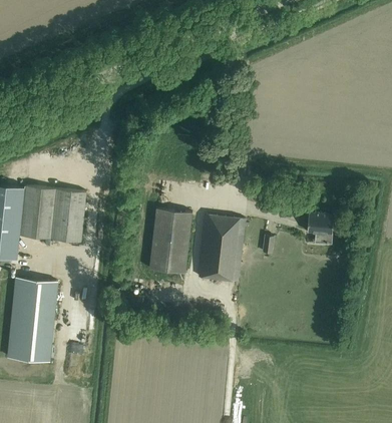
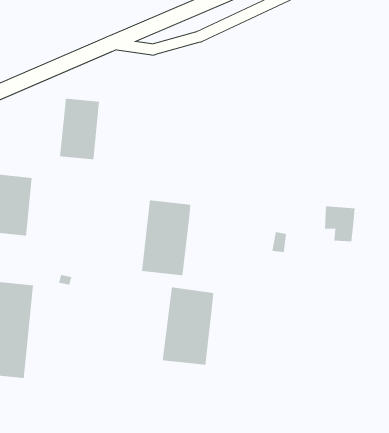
building: [50,189,85,243] -> [59,98,100,160]
building: [198,215,243,282] -> [162,287,214,365]

